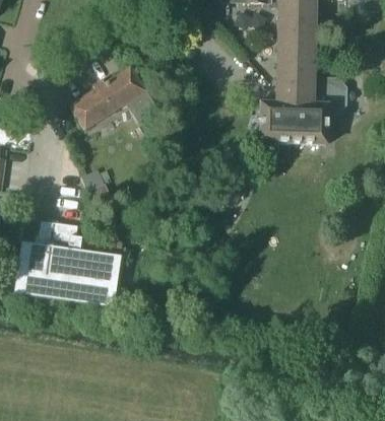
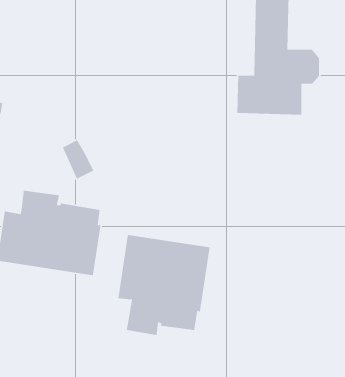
building: [70,67,159,128] -> none
building: none -> [117,234,210,336]

